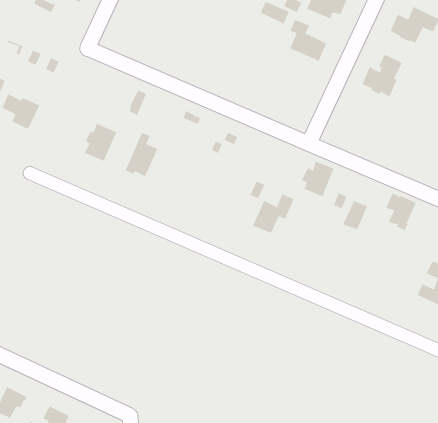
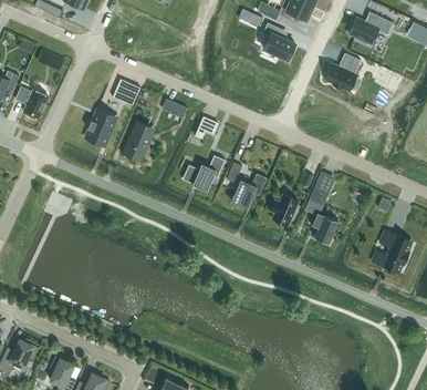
building: [301,161,334,197] -> [270,195,299,226]
building: none -> [183,155,226,192]
building: [386,193,416,231] -> [312,213,339,246]

